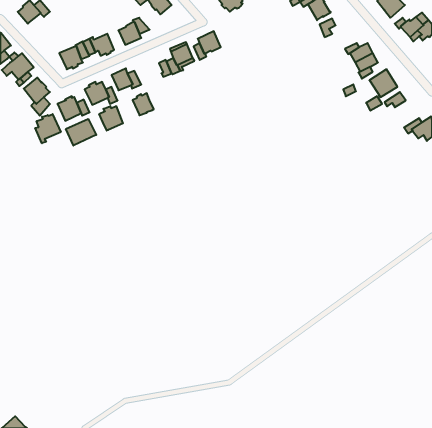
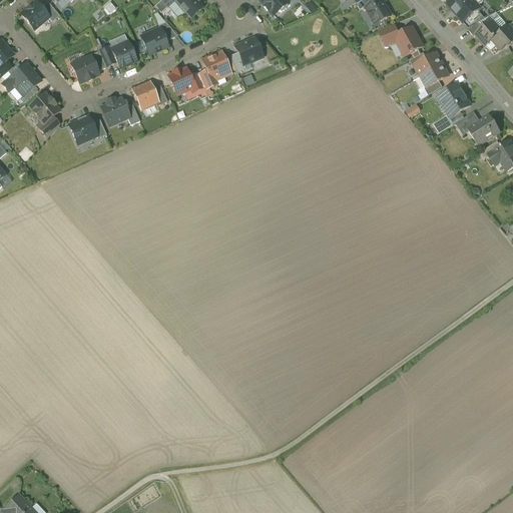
building: none -> [394,25,422,54]
building: [133,93,154,115] -> [168,67,193,93]
building: none -> [468,117,500,144]
building: [99,106,123,131] -> none
building: [35,114,61,143] -> none
building: [66,119,96,146] -> none

